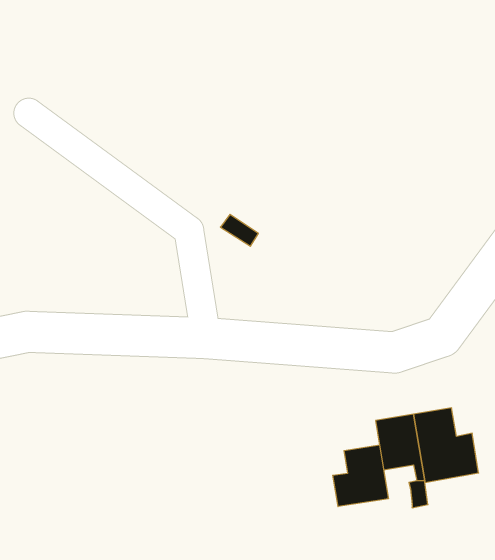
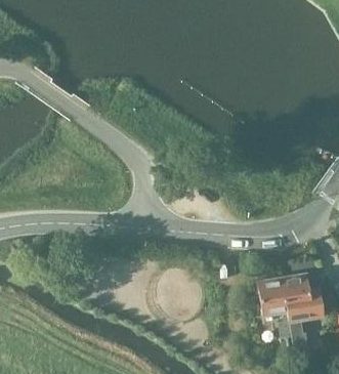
building: [333,445,388,507] -> none

